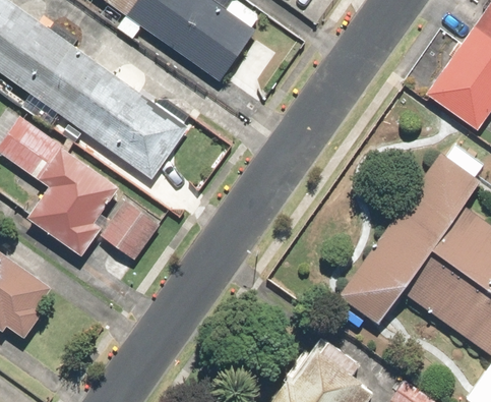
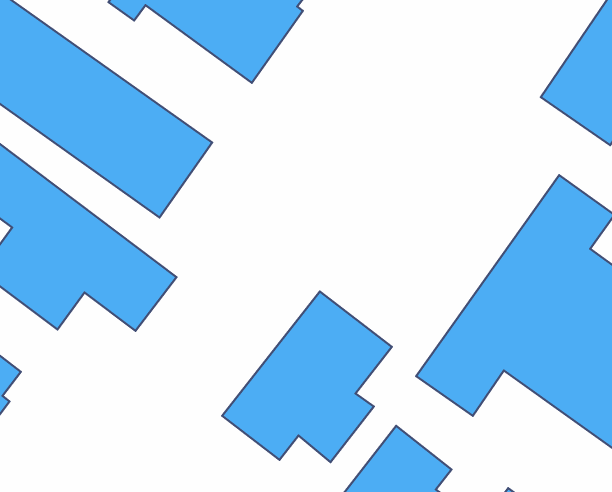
building: none -> [222,292,392,462]

